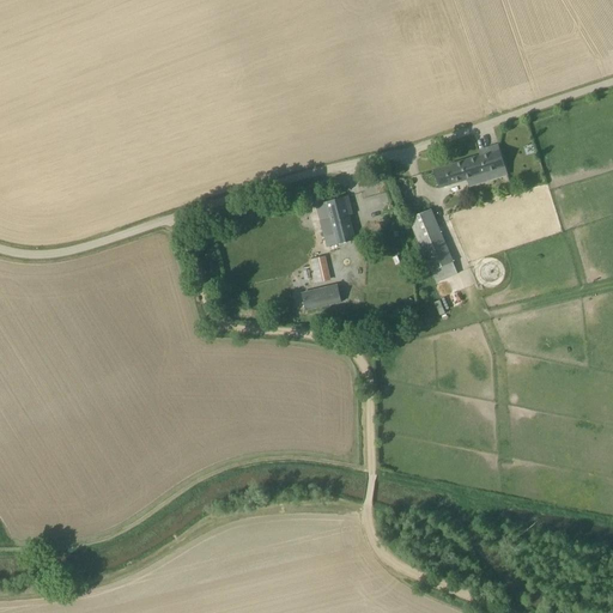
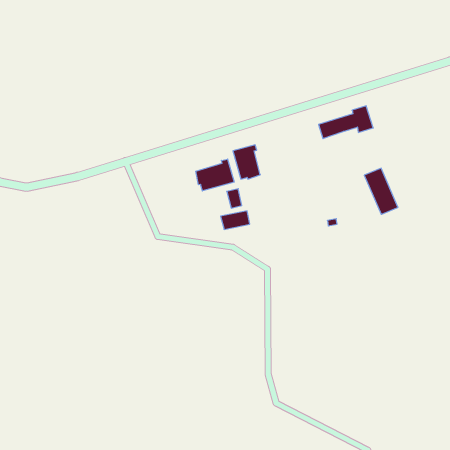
building: [407,208,453,271] -> [364,168,398,214]
building: none -> [196,159,234,191]

